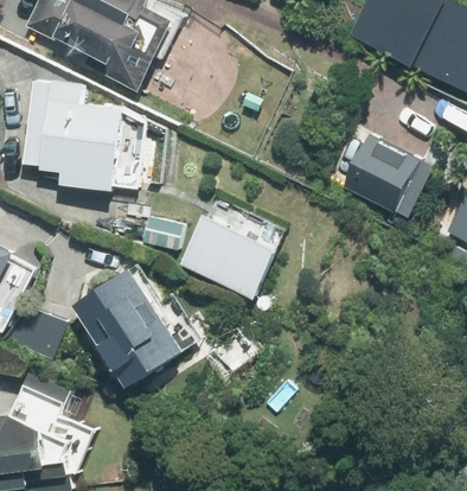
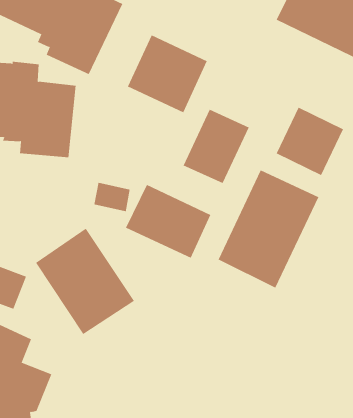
building: none -> [127,34,208,113]
building: none -> [183,109,249,184]
building: none -> [218,169,319,288]

